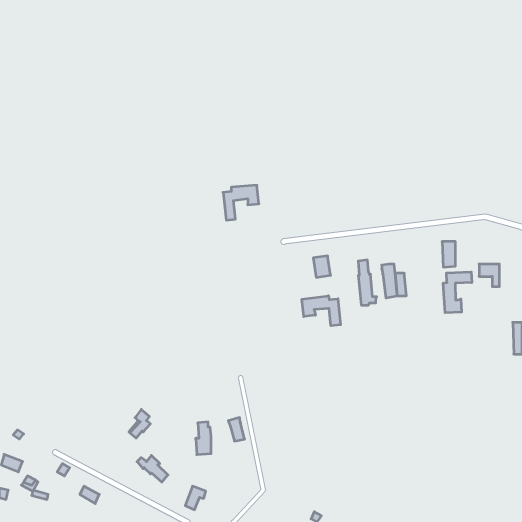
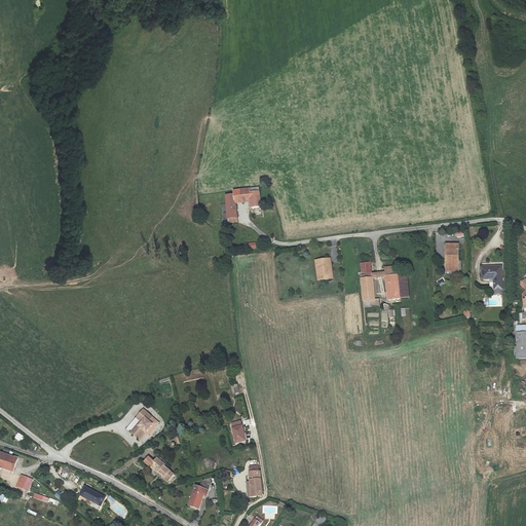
building: [443,272,472,313] -> none
building: [302,296,341,326] -> none
building: [196,422,211,455] -> [246,462,261,495]

